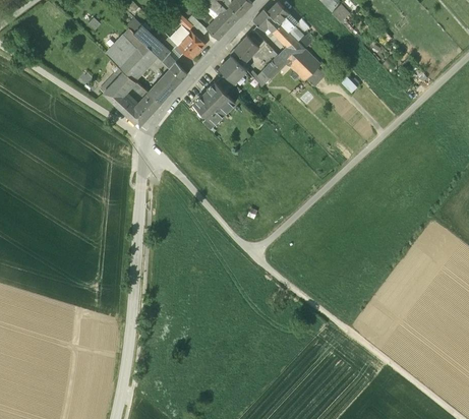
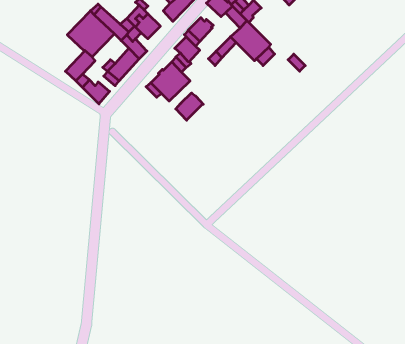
building: none -> [176,93,203,120]

